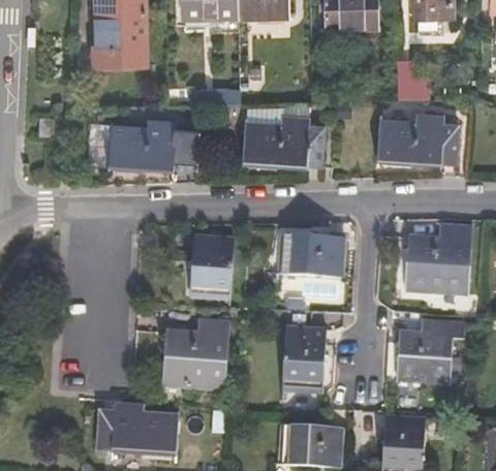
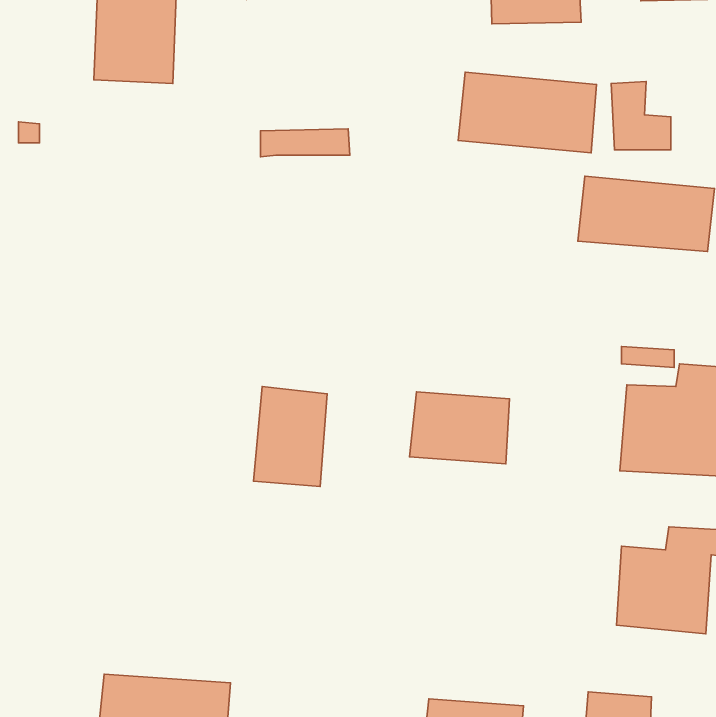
building: [244,116,326,163] -> [458,72,597,153]
building: [110,122,191,165] -> none
building: [163,318,230,388] -> none
building: [281,328,324,384] -> none

